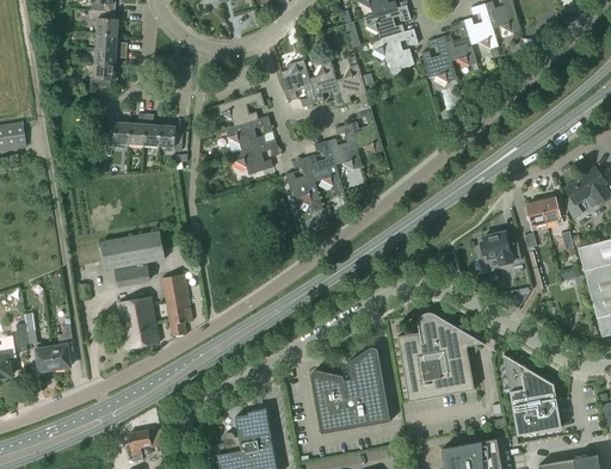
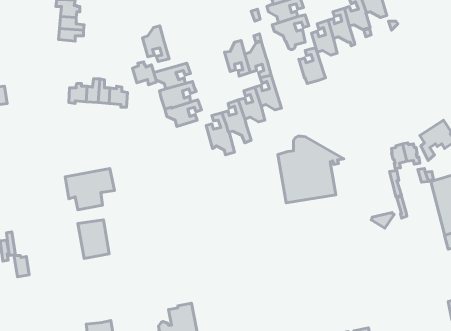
building: [282,61,316,107] -> [142,26,169,62]
building: [86,62,117,87] -> none
building: none -> [299,48,325,84]
building: none -> [133,62,156,85]
building: [480,232,521,264] -> none
building: [162,273,192,337] -> none
building: [397,311,483,399] -> [278,136,344,203]
building: [51,325,73,369] -> none
building: [311,345,391,431] -> none
building: [502,353,561,434] -> none

